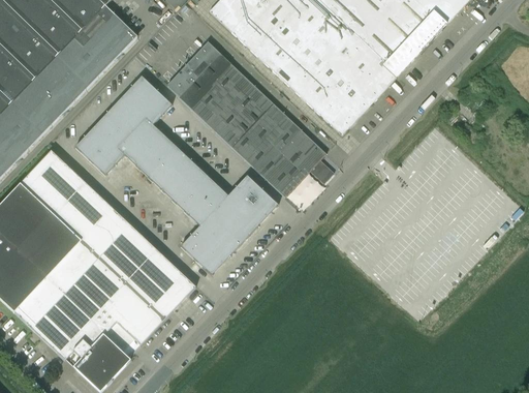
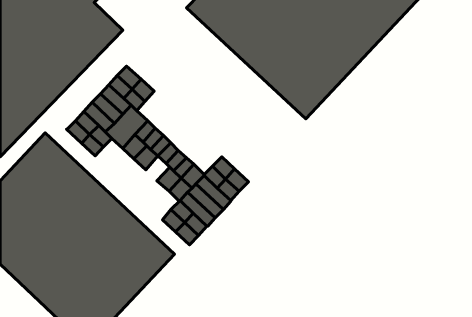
building: [167,40,326,196] -> none
building: [163,176,190,204] -> none

